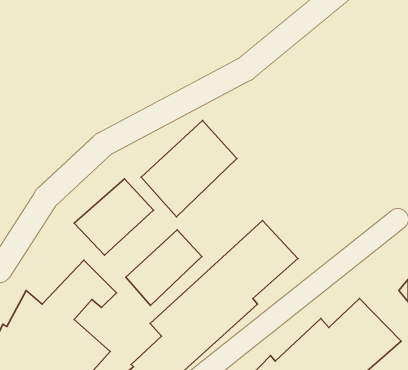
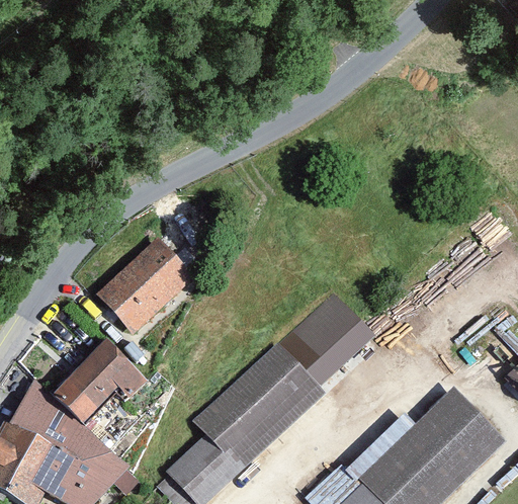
building: [141,121,237,217] -> none
building: [126,230,202,305] -> none

